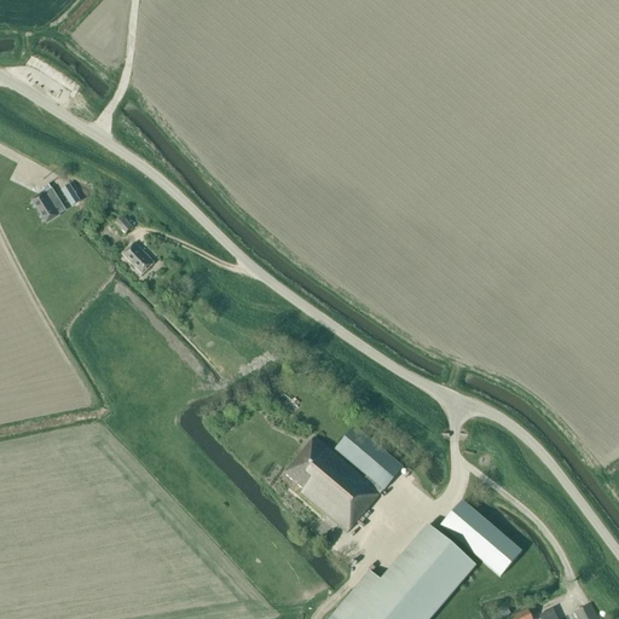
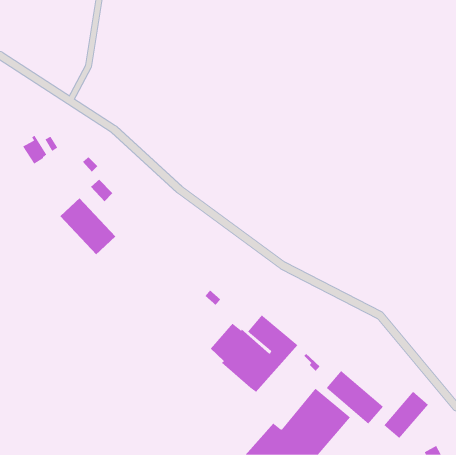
building: none -> [60,198,116,255]
building: none -> [384,391,429,439]

